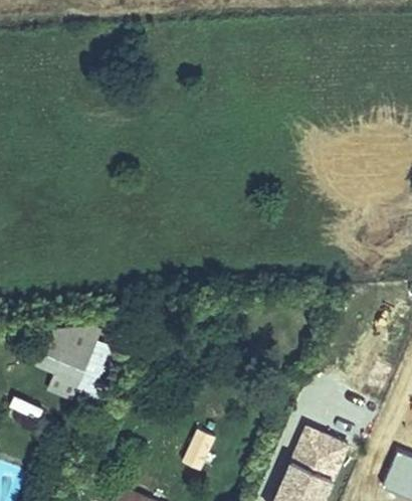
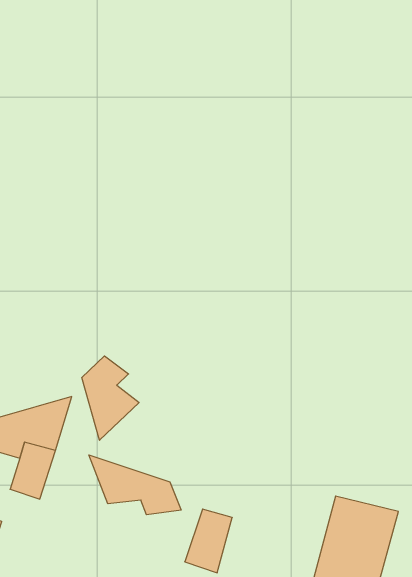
building: none -> [82,356,139,440]
building: none -> [89,455,181,515]

